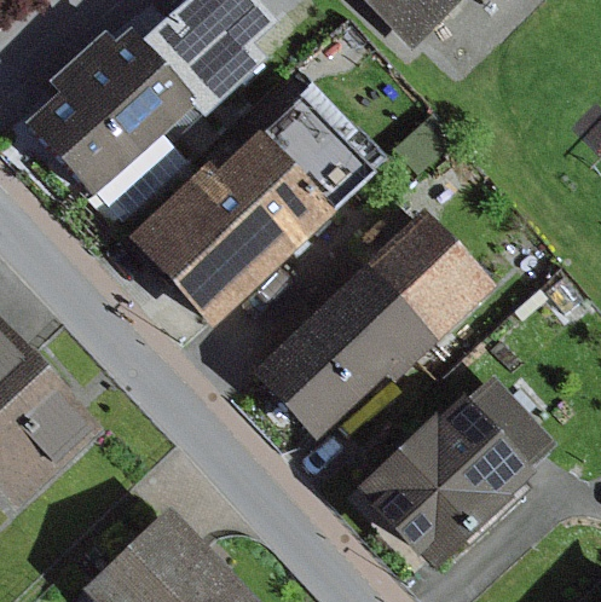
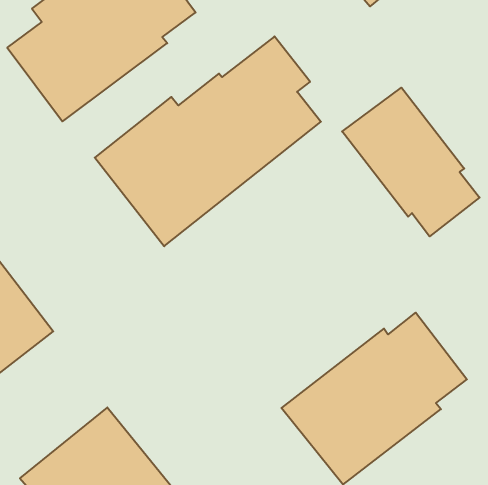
building: none -> [342,88,480,236]
building: [253,215,492,440] -> none

